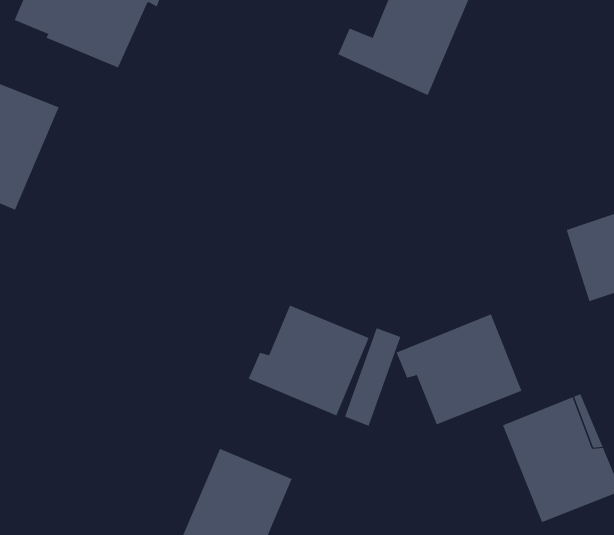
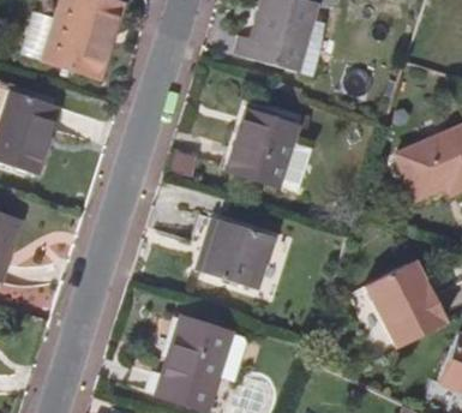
building: none -> [229,113,296,186]
building: [396,314,522,425] -> none

